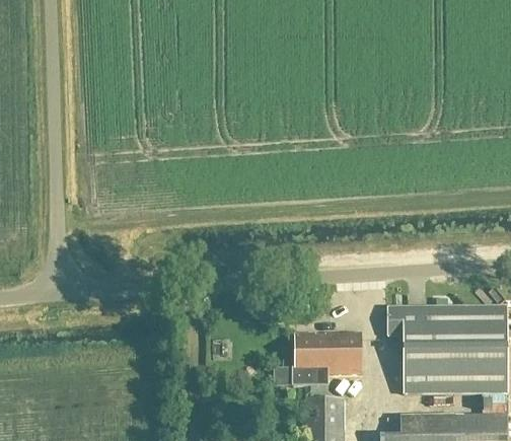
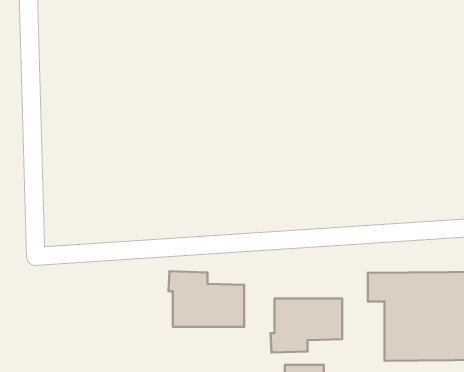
building: none -> [168,271,244,327]

